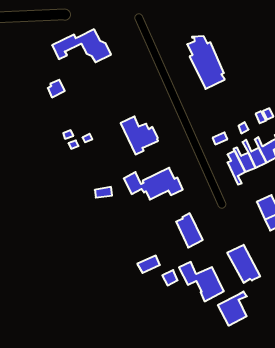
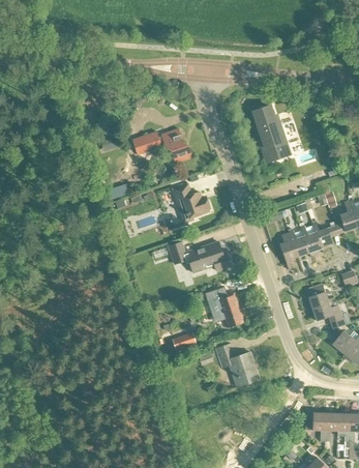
building: [52,29,111,62] -> [132,127,193,163]
building: [227,245,260,283] -> none
building: [218,291,247,326] -> none

